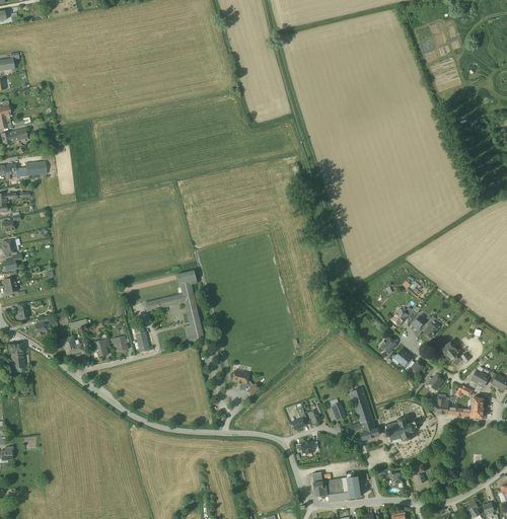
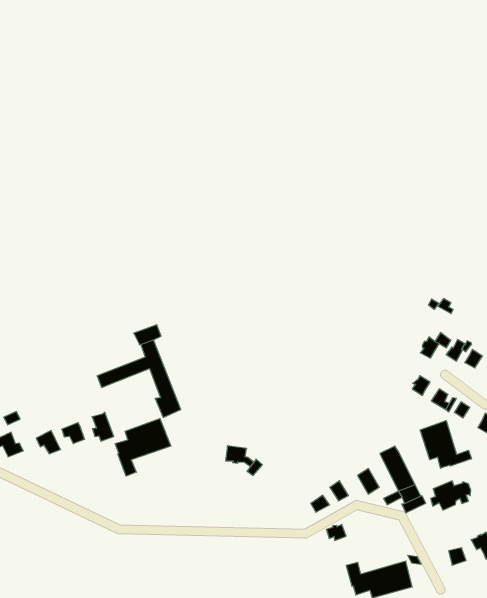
building: none -> [115,418,171,476]
building: none -> [420,421,471,468]

